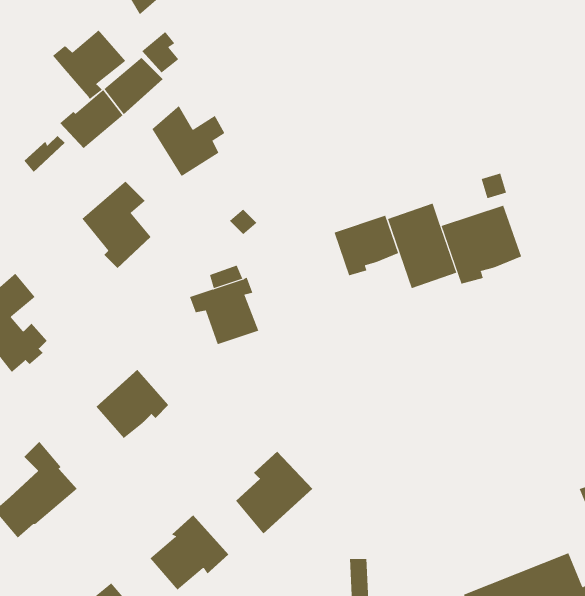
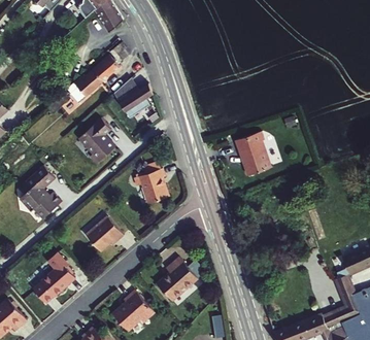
building: [52,30,126,100] -> none
building: [441,205,522,285] -> none
building: [334,215,399,276] -> none

